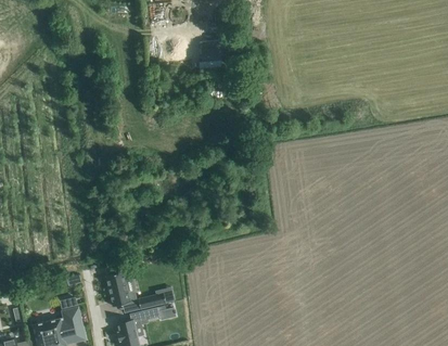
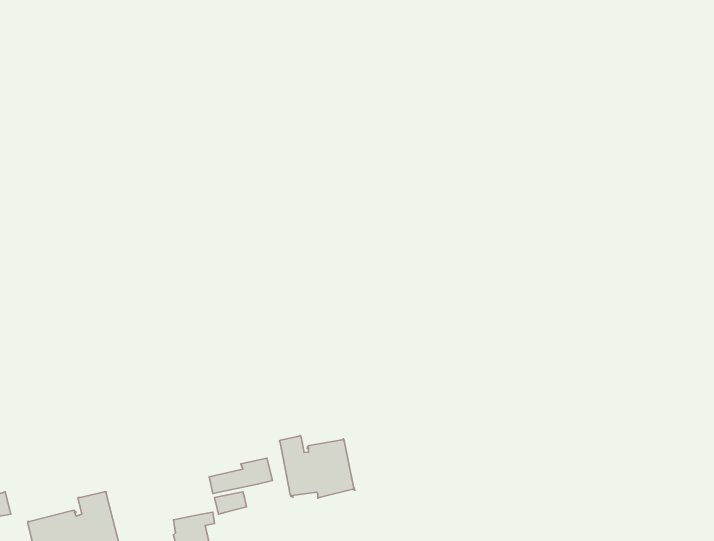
building: [105,271,136,306] -> none
building: none -> [279,435,355,498]

